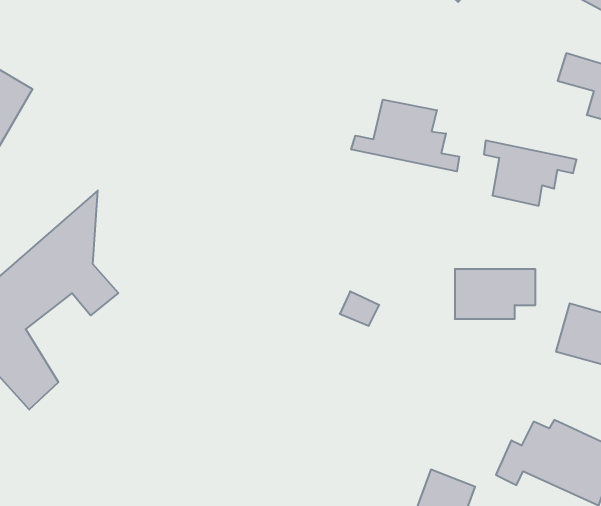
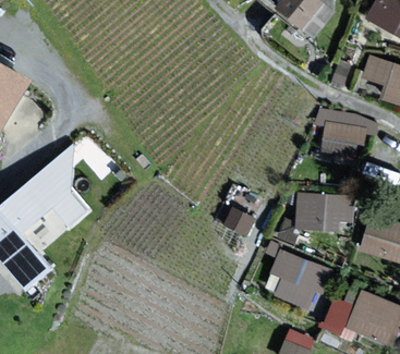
building: [351,100,459,171] -> none
building: none -> [270,252,328,306]

